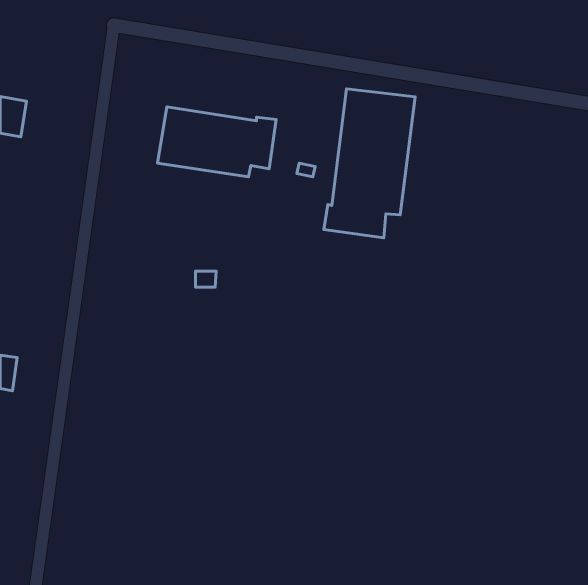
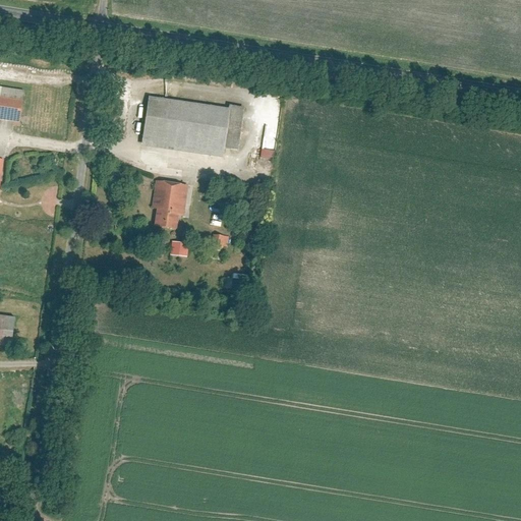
building: [324,89,415,238] -> none
building: none -> [148,178,187,228]

